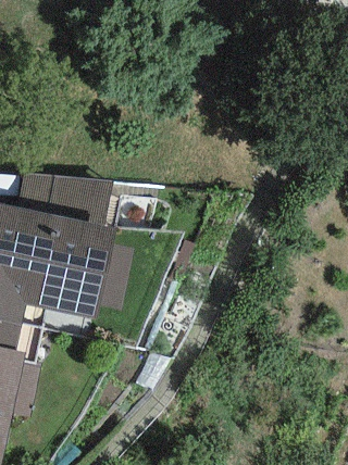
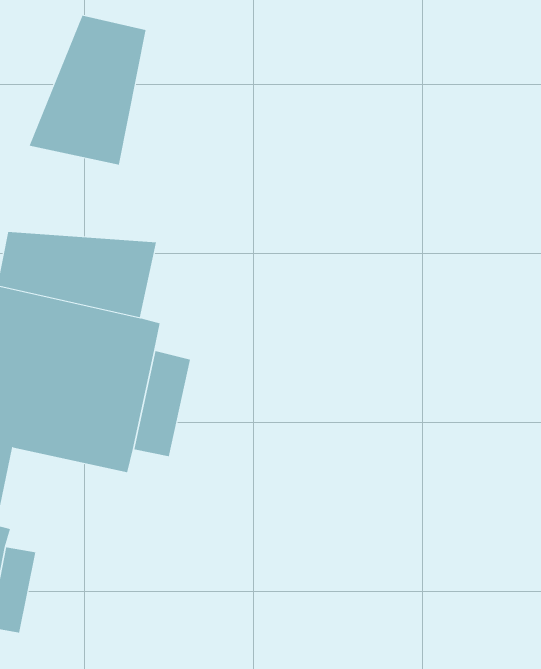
building: none -> [29,15,146,165]

